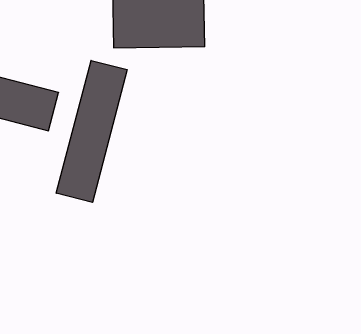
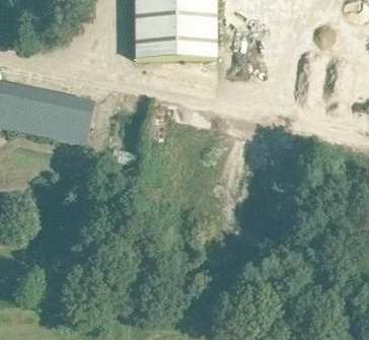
building: [56,60,127,202] -> none

